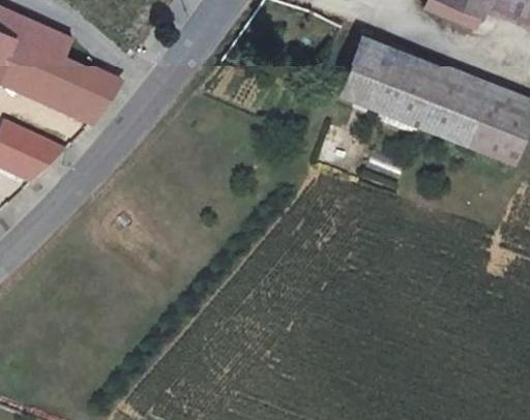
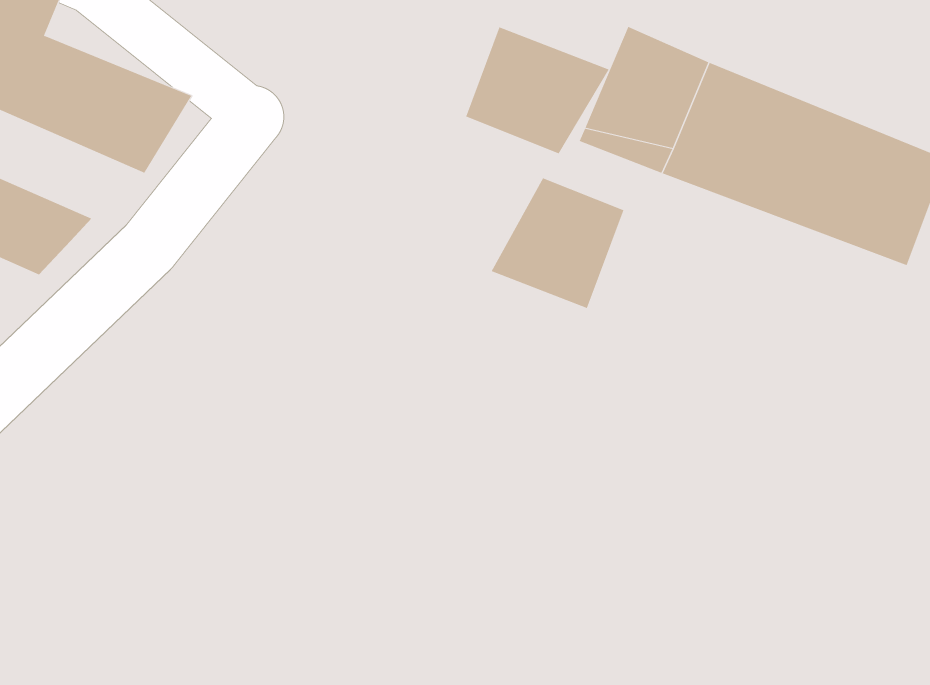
building: none -> [466,26,610,154]
building: none -> [491,177,624,309]

